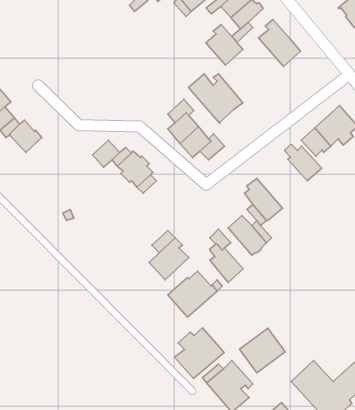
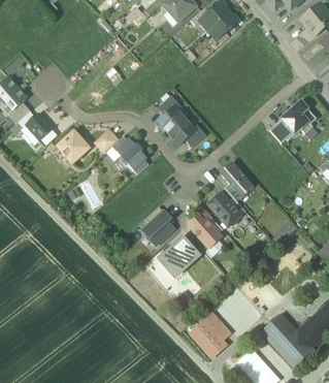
building: [259,20,300,66] -> none
building: [206,25,243,65] -> none
building: [189,74,243,124] -> none
building: none -> [57,130,89,162]
building: [285,145,322,181] -> none
building: [174,328,224,379] -> none

